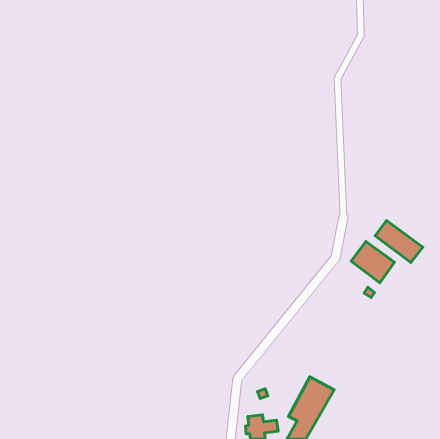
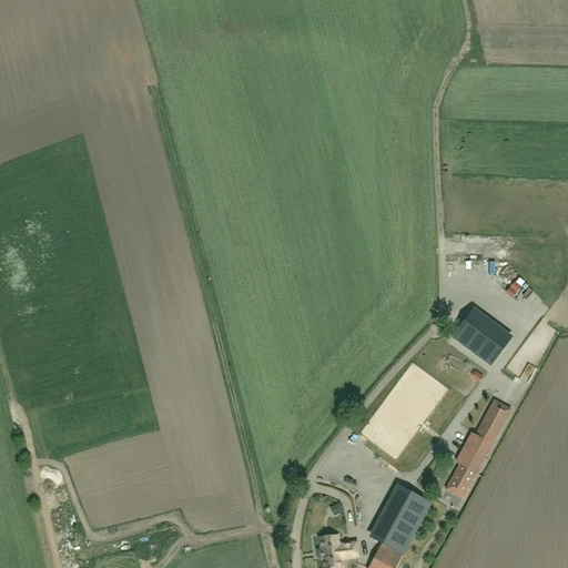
building: [375,221,423,263] -> none
building: none -> [446,398,511,497]

